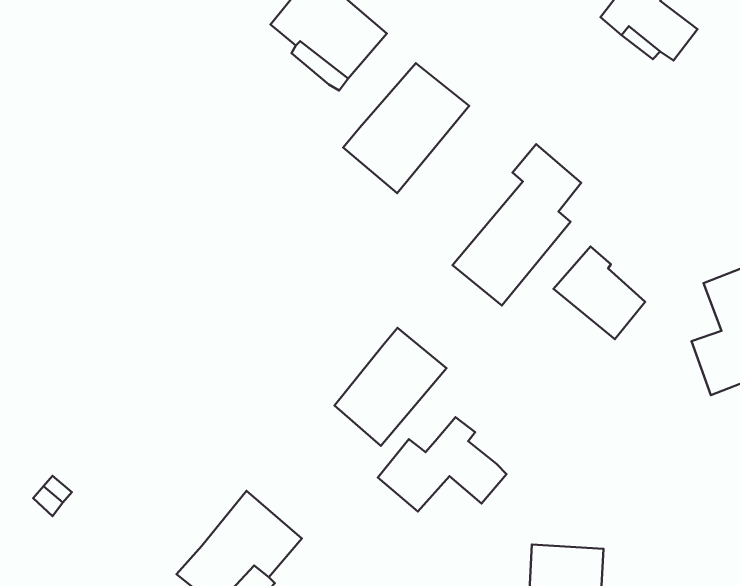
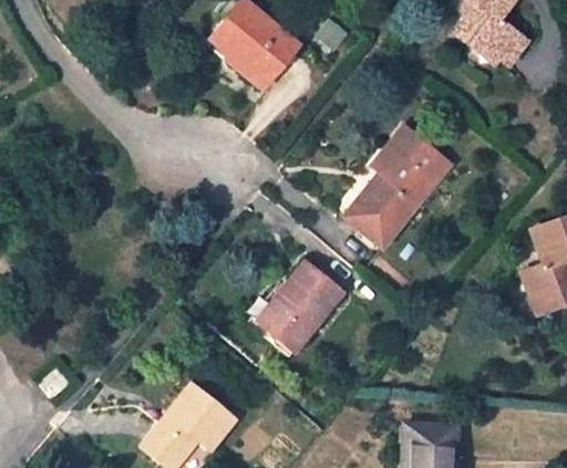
building: [343,63,469,193] -> none
building: [554,247,645,339] -> none
building: [378,417,507,511] -> none

